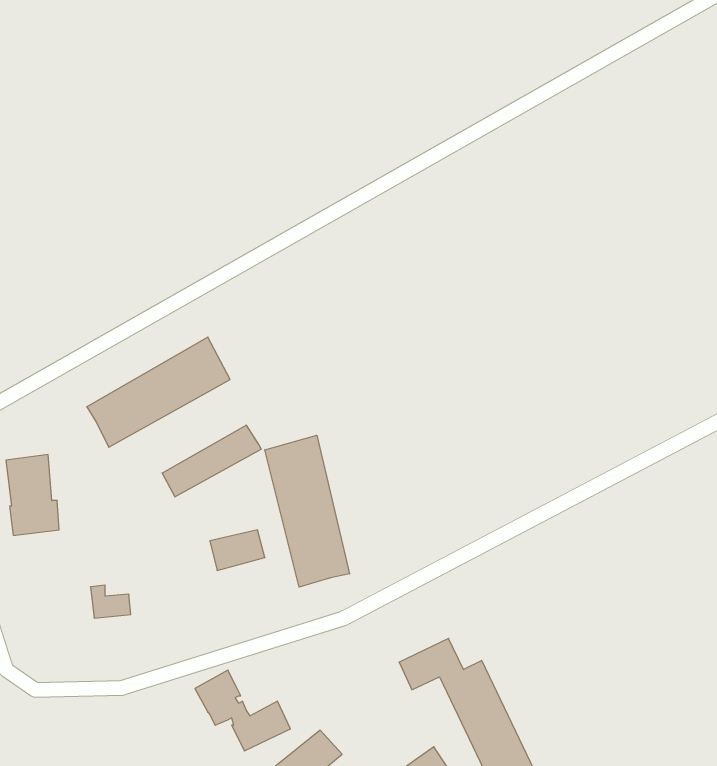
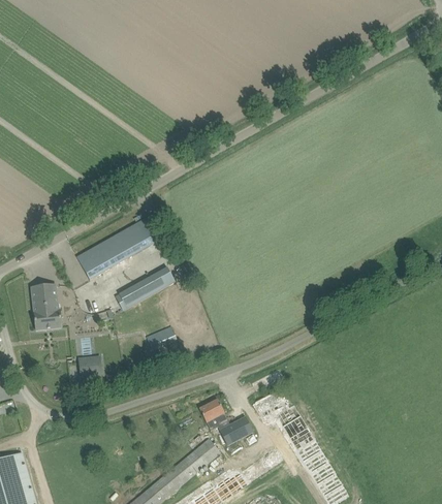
building: [265,435,350,587] -> none
building: [195,670,290,751] -> [197,399,251,444]

